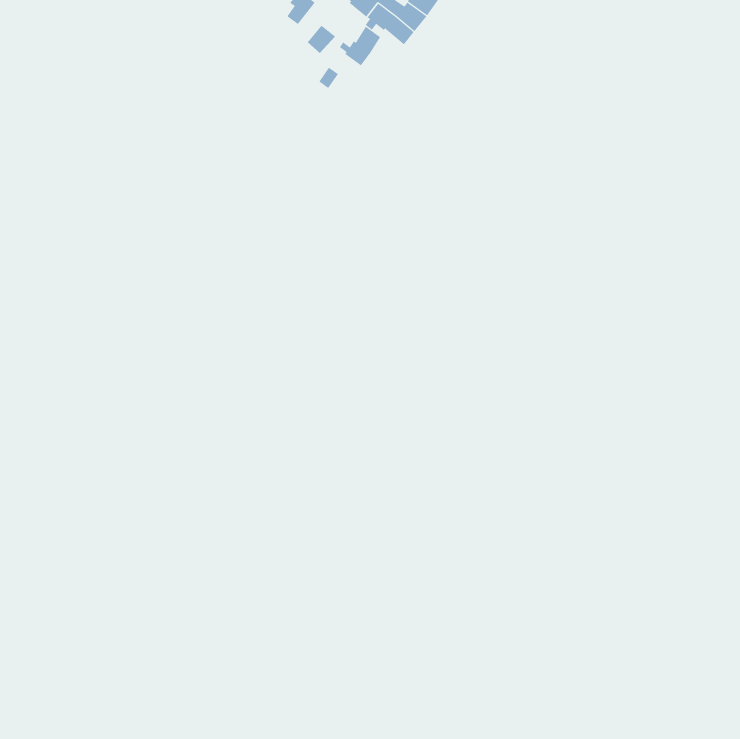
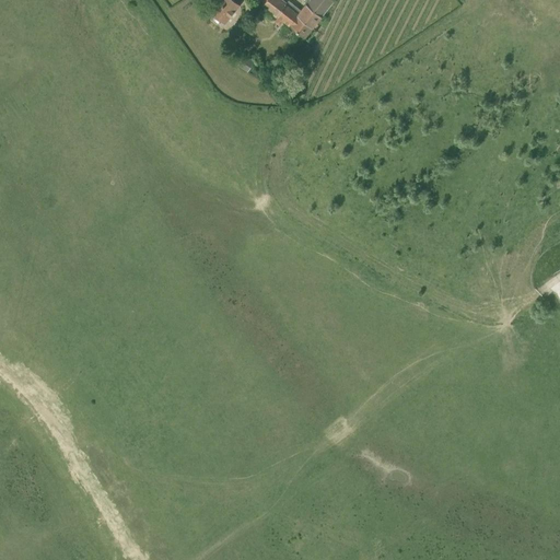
building: [339,26,381,66] -> none

